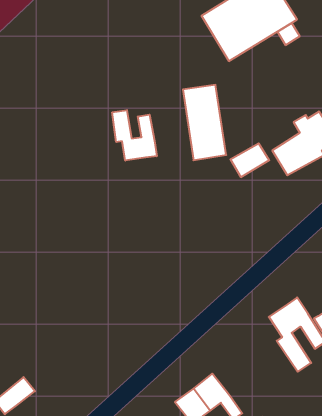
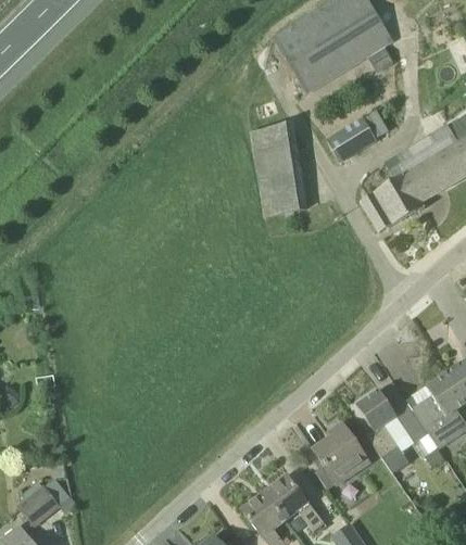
building: [112,110,157,161] -> none
building: [230,143,269,177] -> [328,119,376,161]
building: none -> [315,429,369,489]

